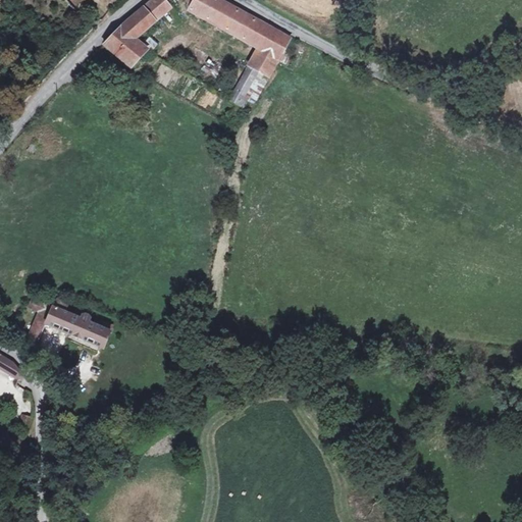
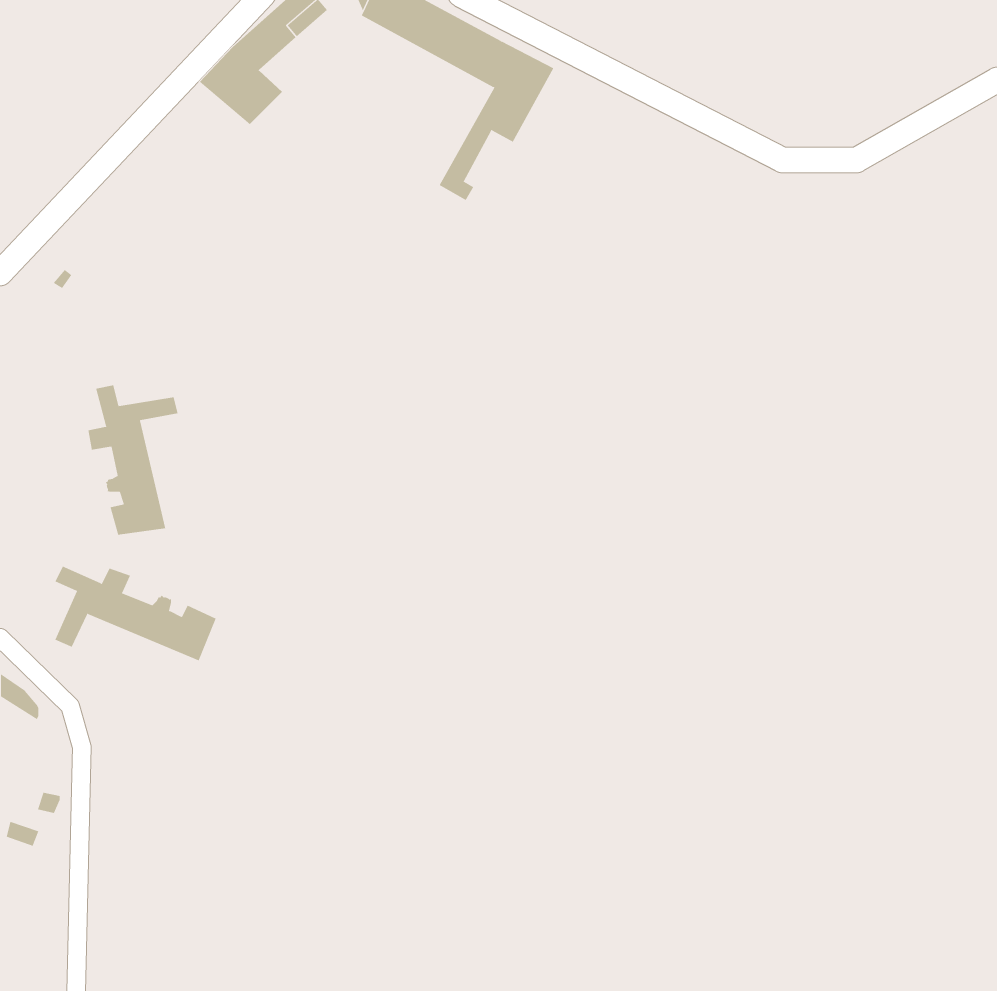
building: none -> [88,384,178,535]

